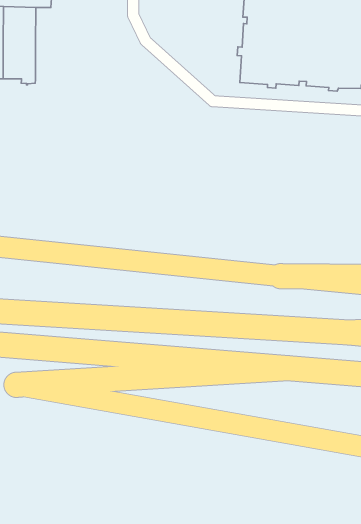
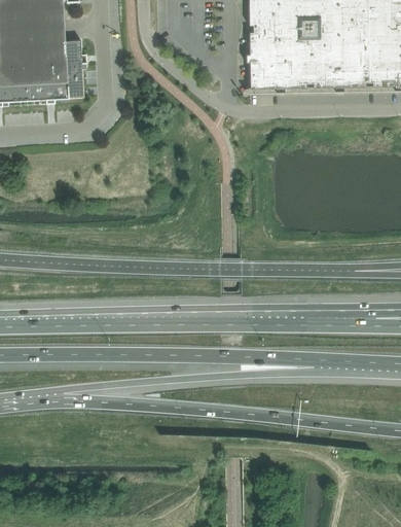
building: none -> [49,27,86,97]

